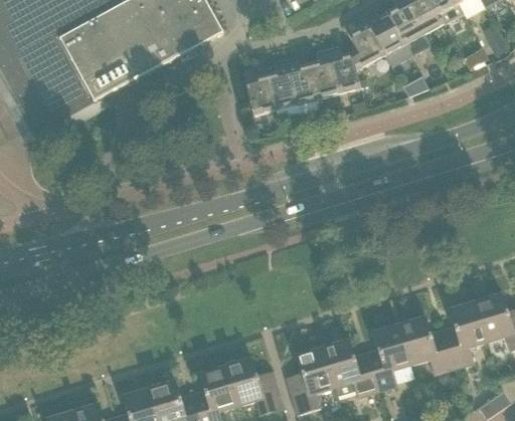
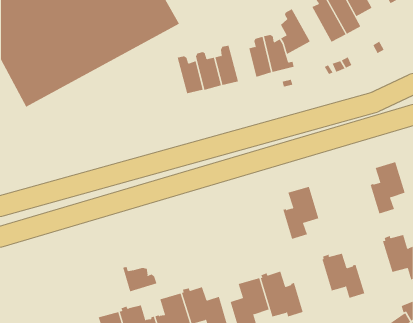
building: [363,10,411,66] -> none
building: [285,57,318,104] -> [177,56,203,94]
building: [443,302,487,368] -> [370,161,406,214]
building: [366,325,411,391] -> [283,186,319,239]
building: none -> [122,266,157,292]

